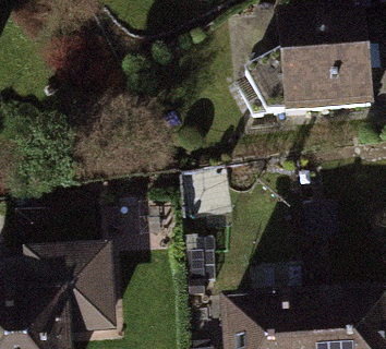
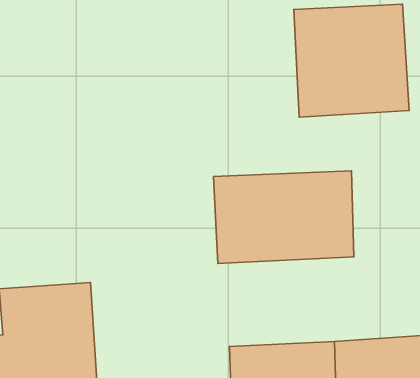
building: none -> [214,171,354,264]

